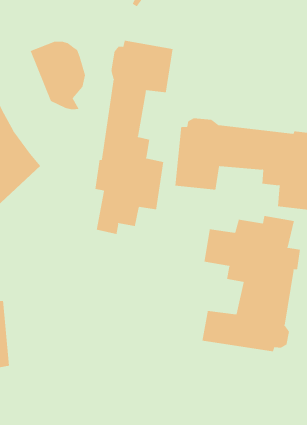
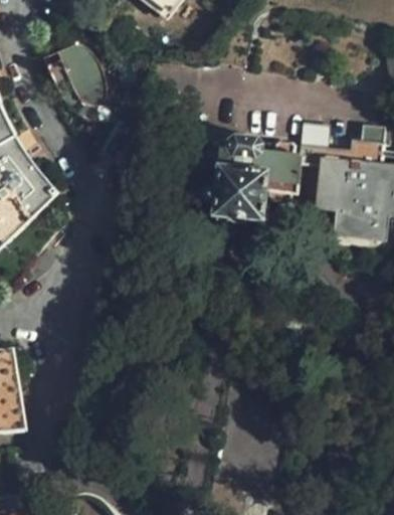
building: [95,40,173,235] -> none
building: [202,215,301,352] -> none

